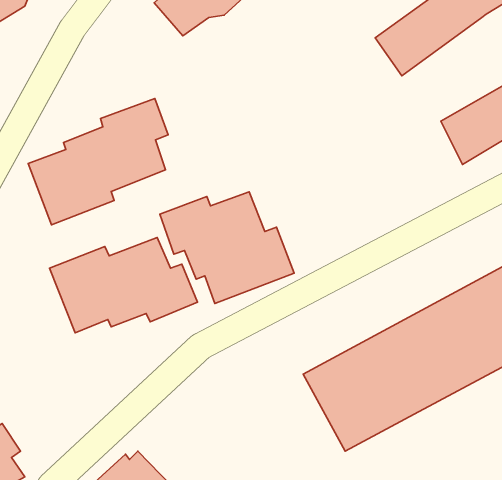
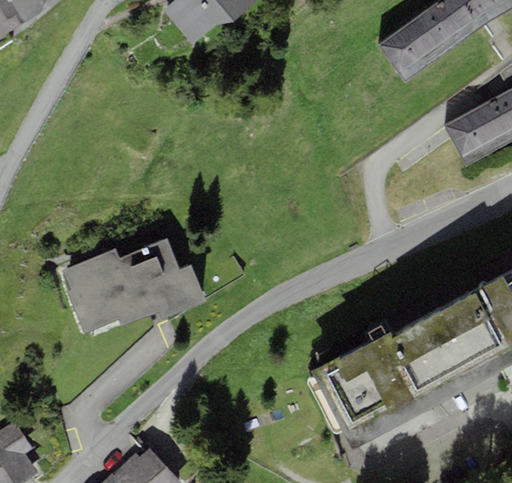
building: [28,99,168,225] -> none
building: [160,192,294,303] -> none

